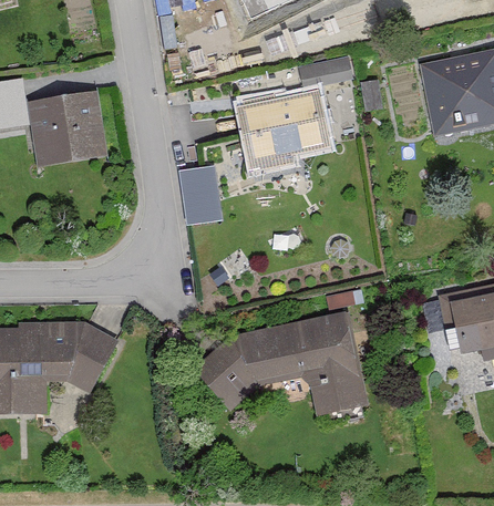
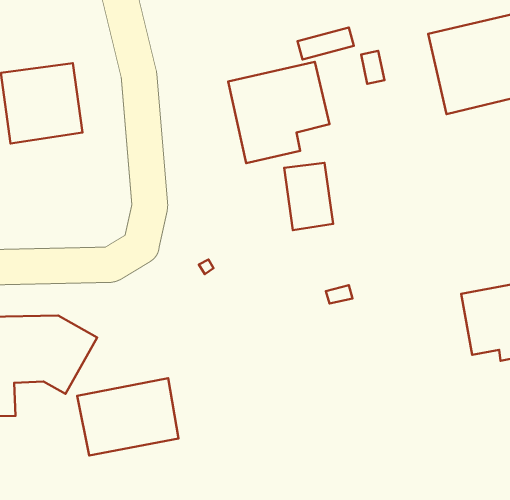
building: [184,156,228,217] -> [284,163,333,230]
building: [194,311,368,422] -> none
building: none -> [77,378,178,456]

